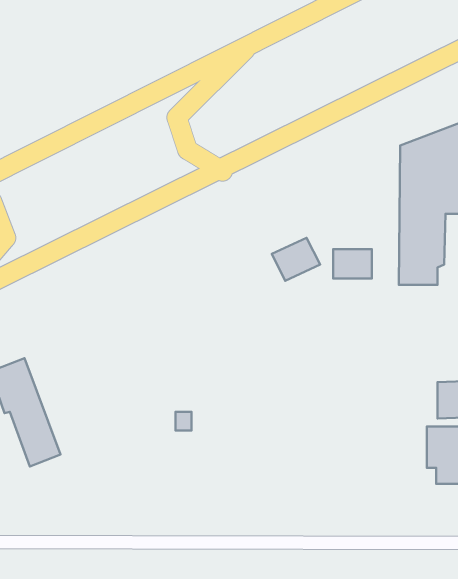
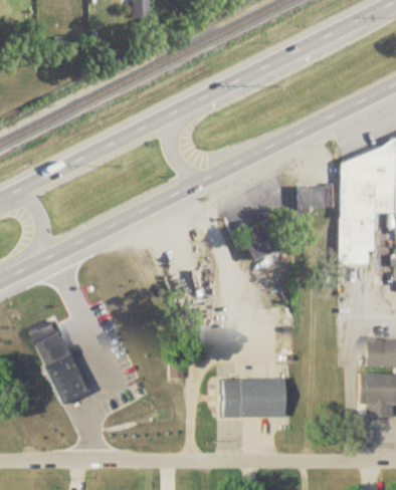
building: [333,249,372,279] -> [298,188,327,210]
building: none -> [224,378,285,416]

